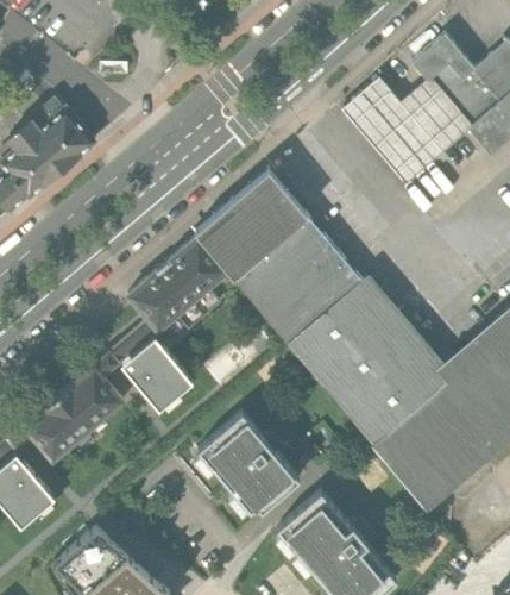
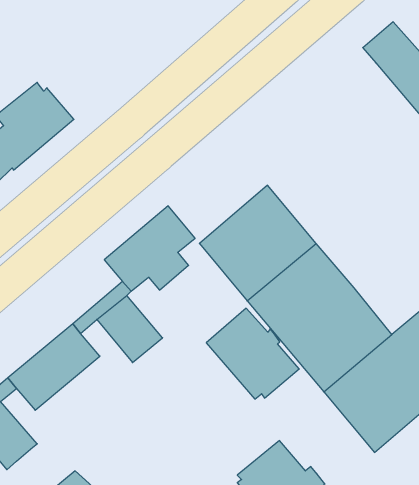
building: [342,79,468,183] -> none
building: [193,168,307,277] -> none
building: [196,412,298,512] -> [206,308,299,399]

